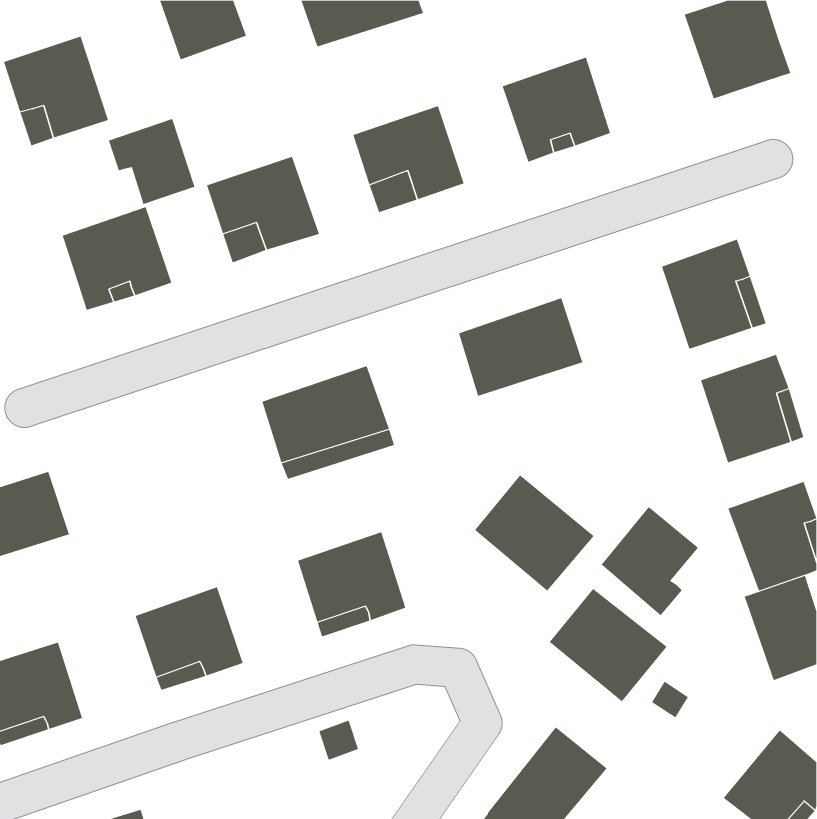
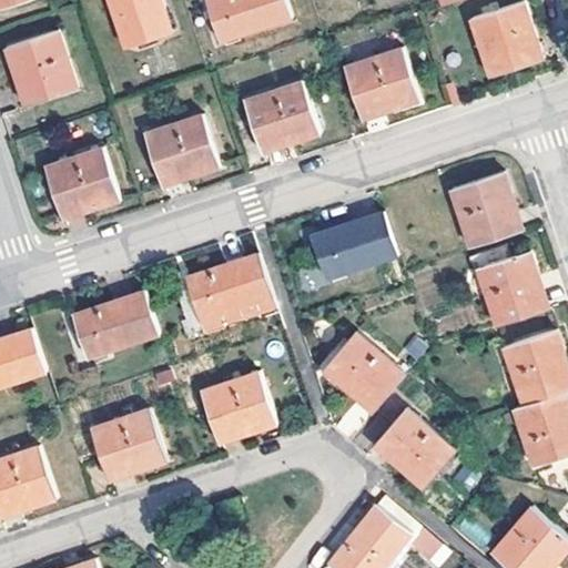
building: [108,118,195,205] -> none
building: none -> [74,291,162,358]
building: [601,506,699,616] -> none

